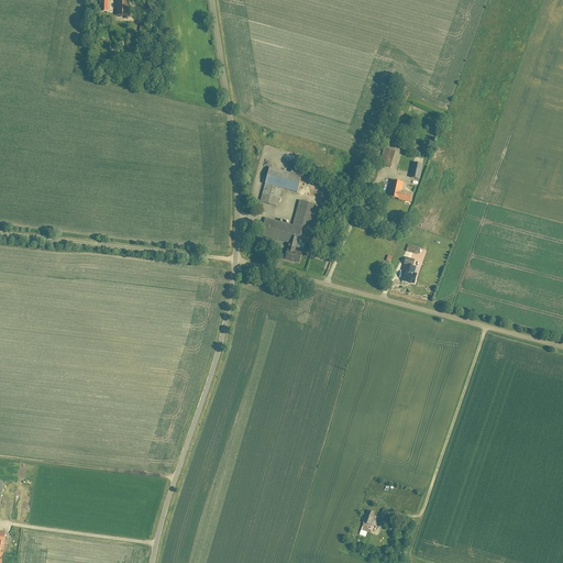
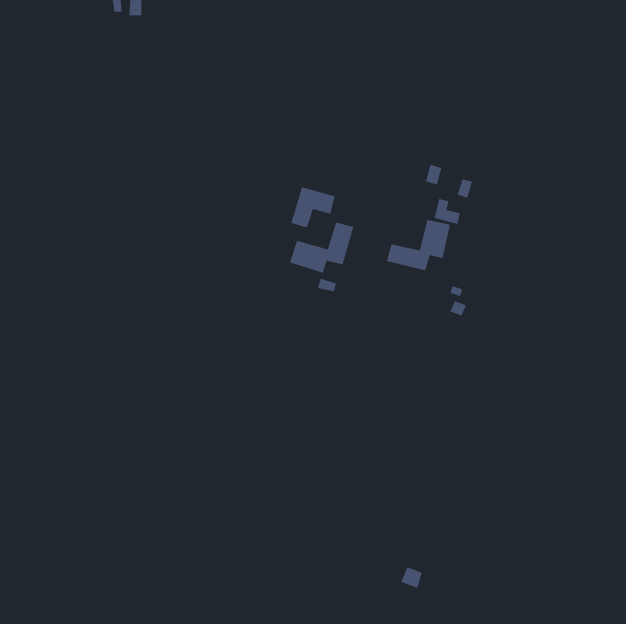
building: none -> [386,219,451,271]

